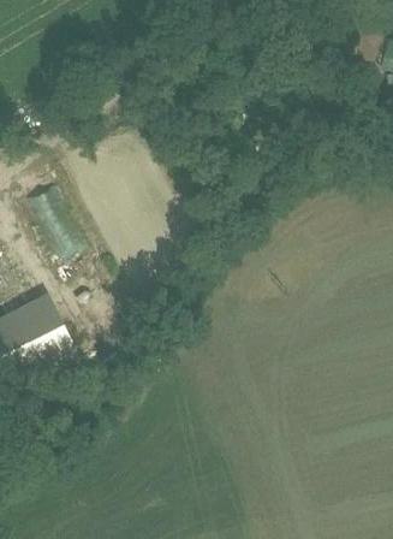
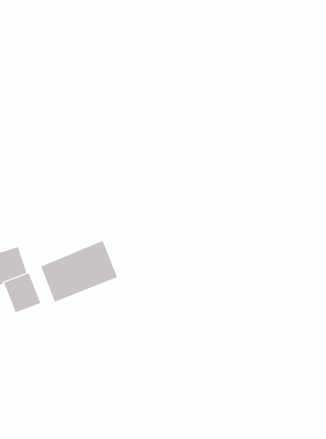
building: none -> [40,240,118,302]

